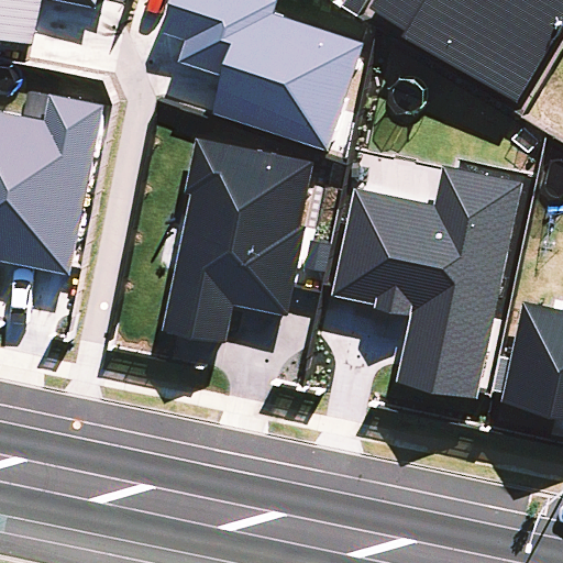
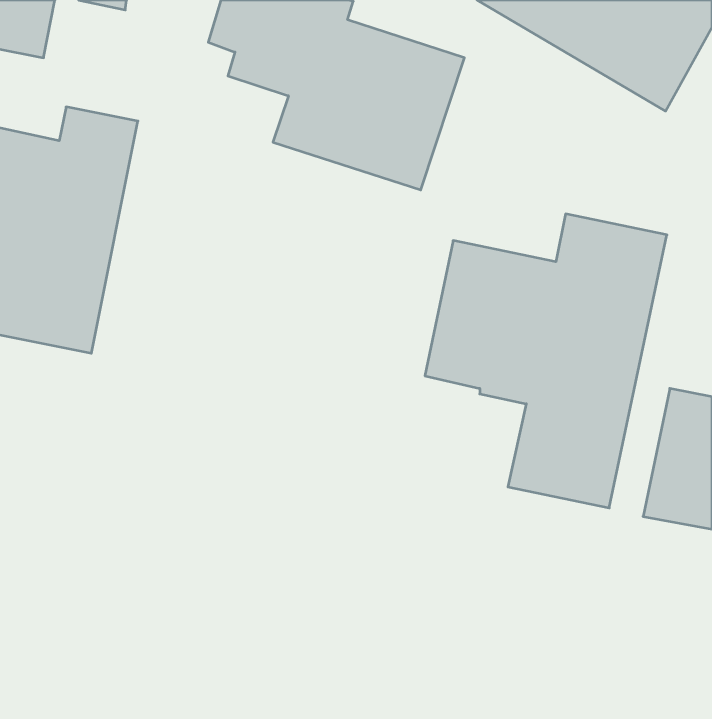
building: [164,141,312,343] -> none

